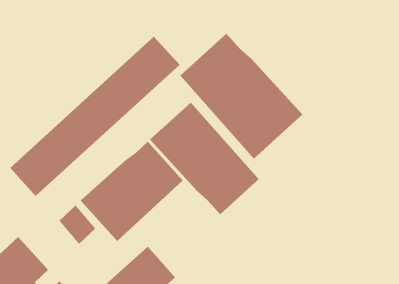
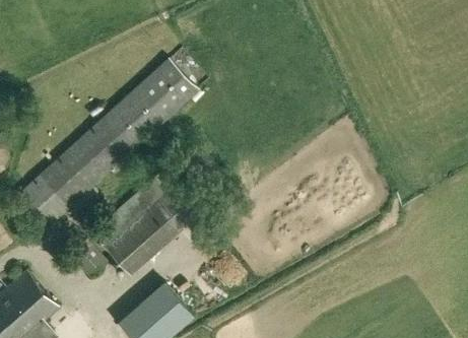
building: [180,33,303,159] -> none
building: [149,102,259,215] -> none

